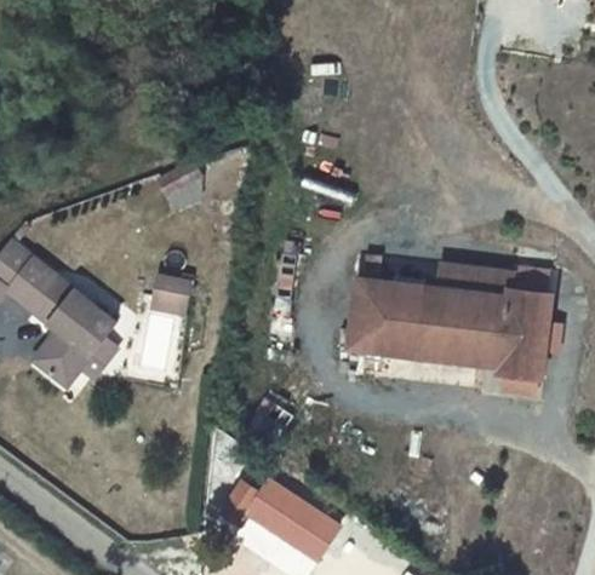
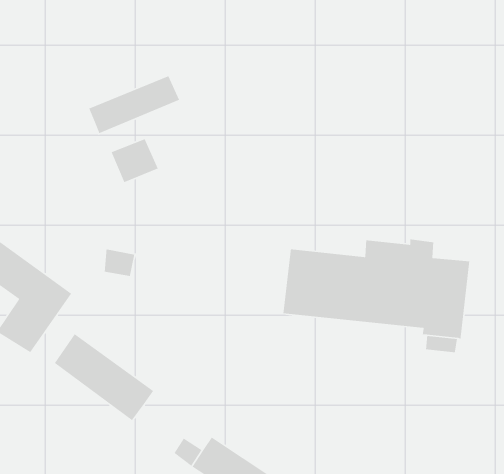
building: none -> [88,75,180,134]
building: none -> [54,333,154,421]

